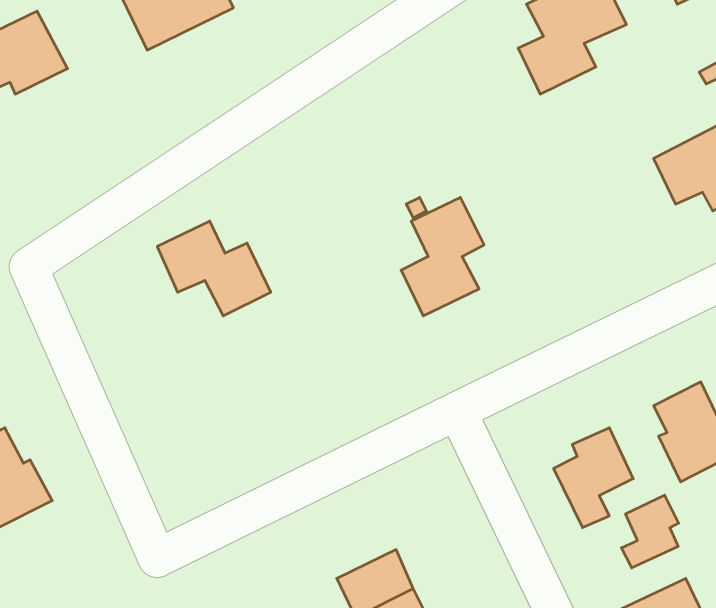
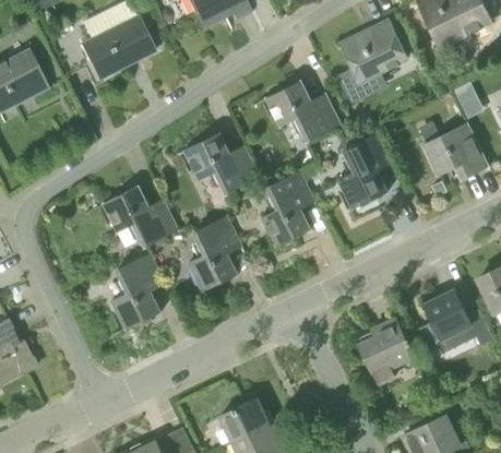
building: none -> [265,81,339,141]
building: none -> [337,132,391,208]
building: none -> [184,133,259,195]
building: none -> [188,216,240,291]
building: none -> [111,254,165,330]
building: [621,495,679,568] -> none

